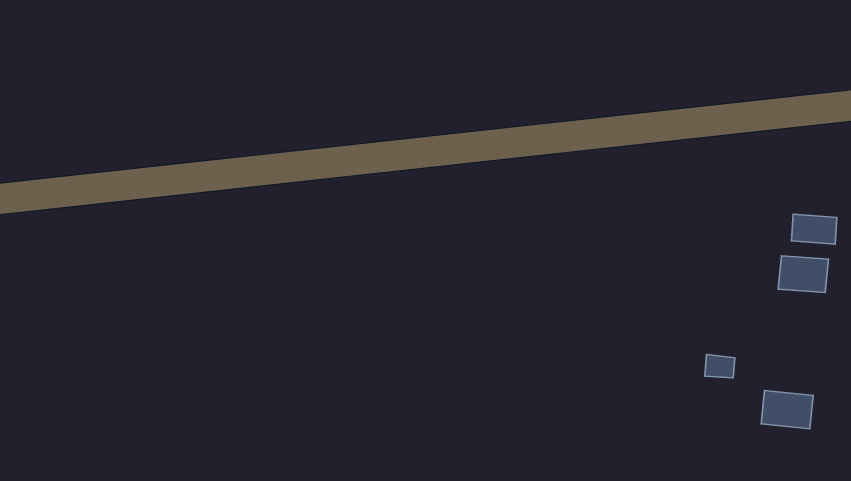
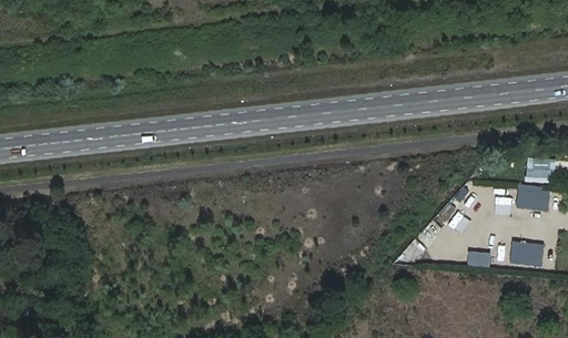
building: [761,391,813,429] -> [510,240,545,266]

